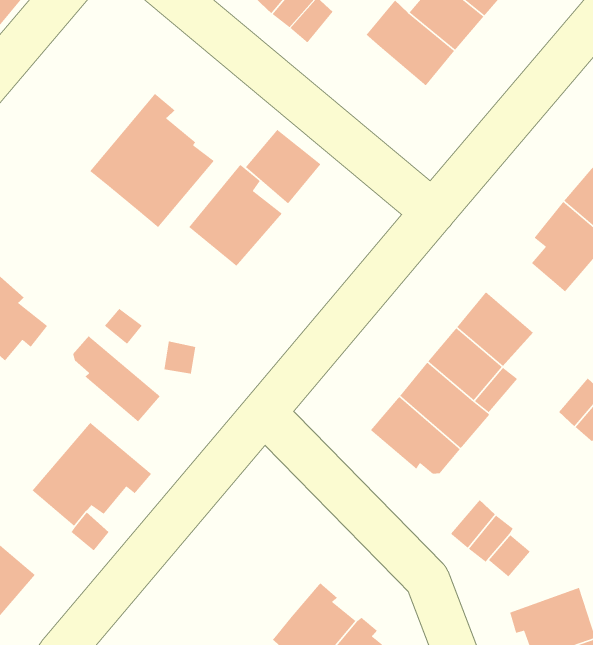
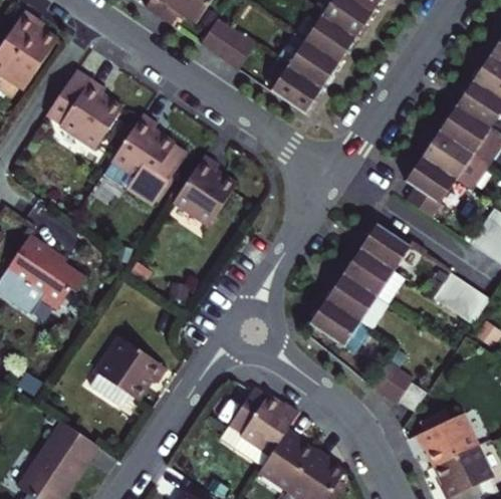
building: none -> [45,69,124,150]
building: none -> [271,66,321,113]
building: [245,129,321,204] -> none
building: [72,335,161,423] -> none
building: none -> [219,389,298,468]

